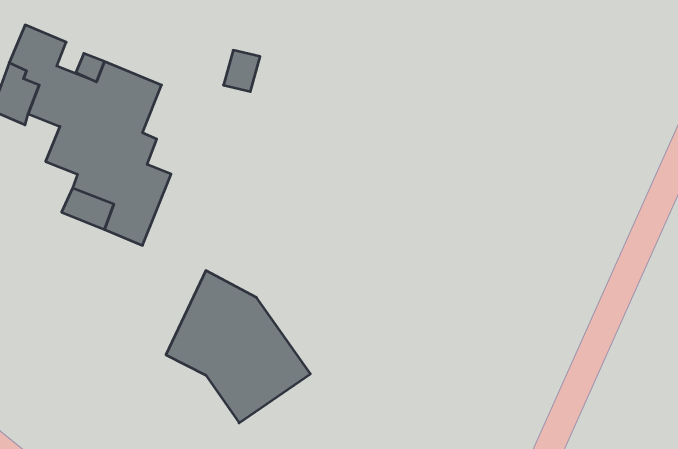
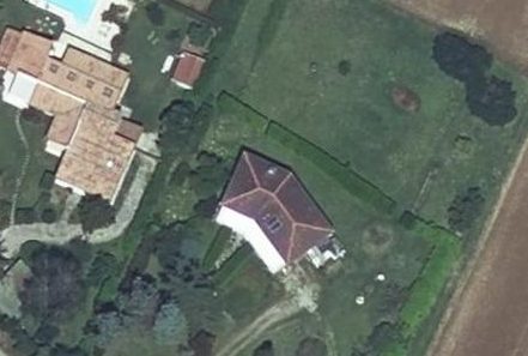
building: [166,271,310,423] -> [218,151,327,266]

